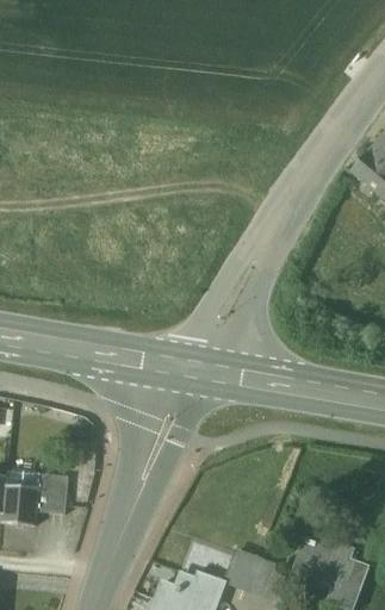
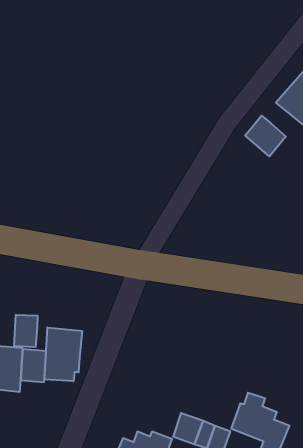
building: none -> [245,116,286,156]
building: none -> [14,315,38,347]
building: none -> [45,327,82,381]

